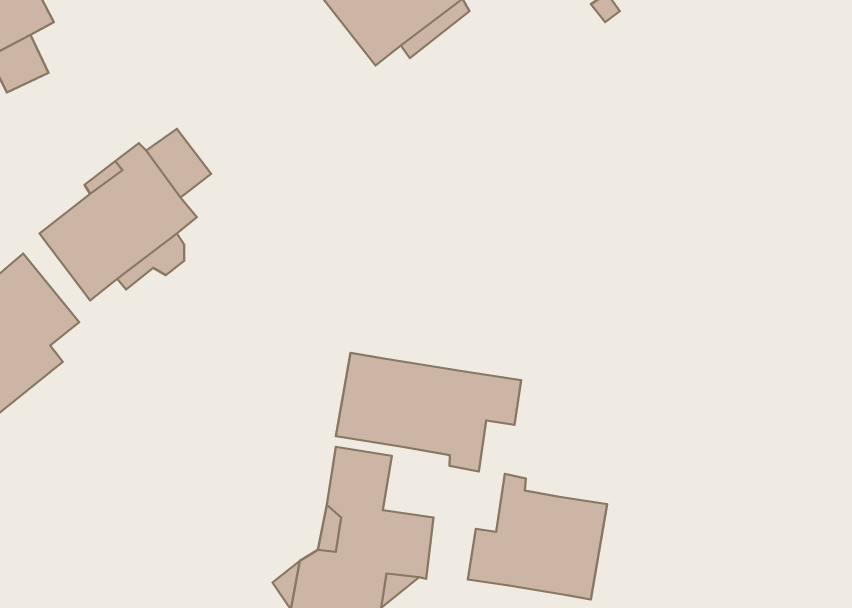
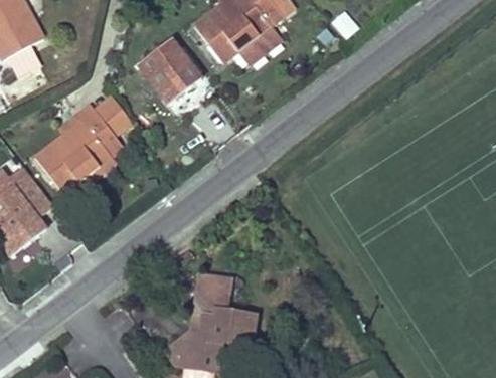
building: none -> [139,38,202,104]
building: [336,353,521,472] -> none
building: [468,474,607,599] -> none

